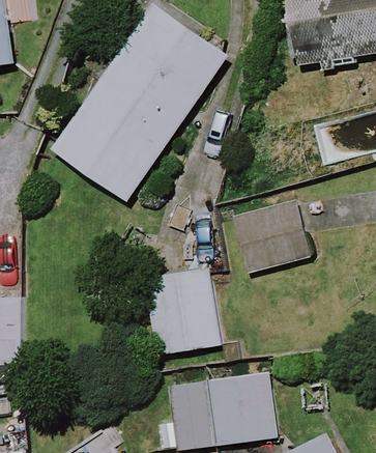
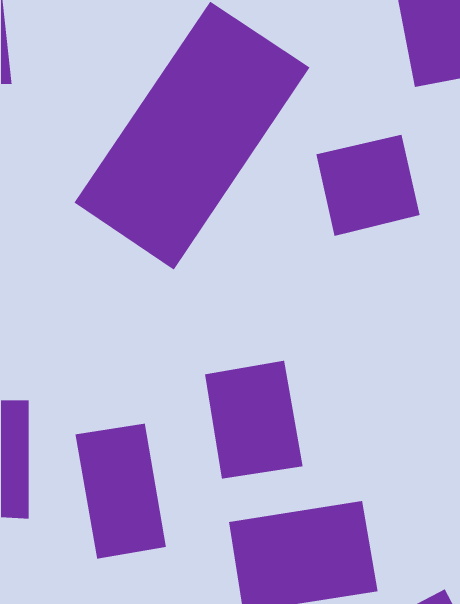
building: [230,200,307,275] -> [316,134,421,237]
building: none -> [75,423,167,560]

